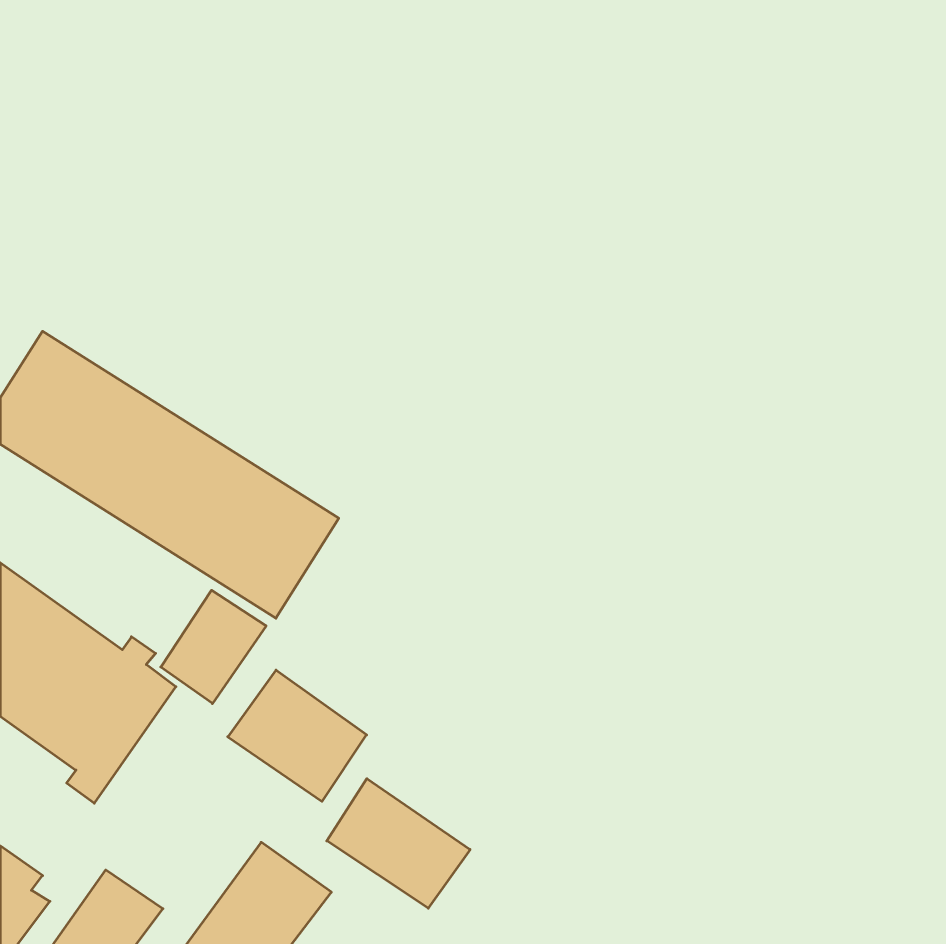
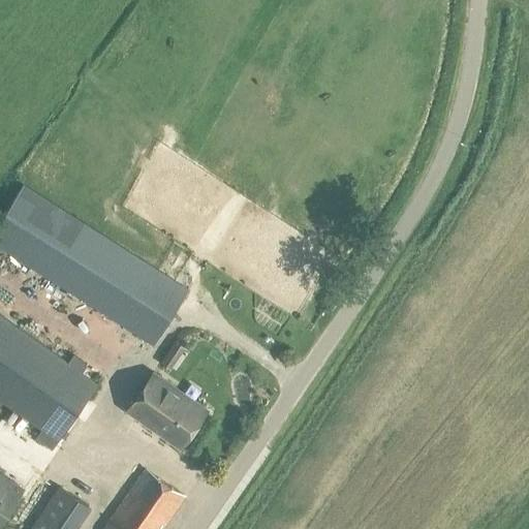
building: [161,590,266,704] -> none
building: [327,779,470,908] -> none

